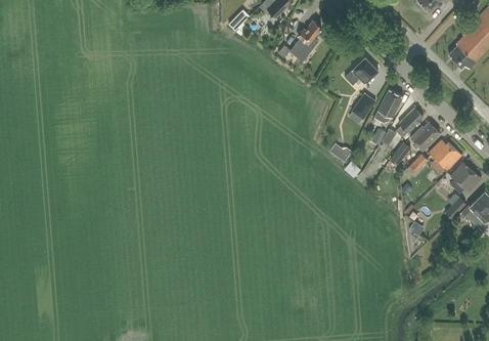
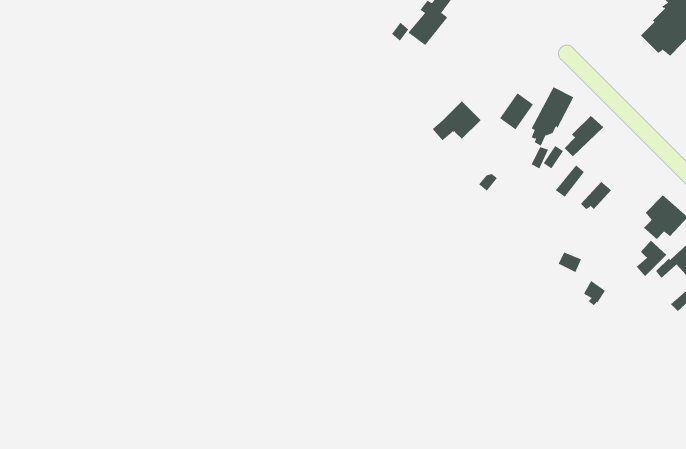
building: [345,57,379,85] -> [432,101,481,141]
building: [410,123,440,151] -> none
building: [430,141,461,171] -> none

